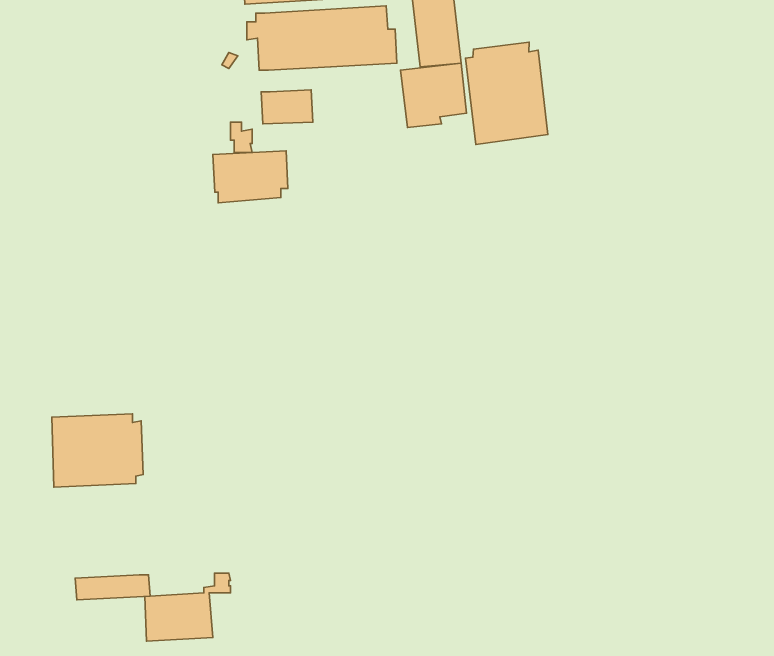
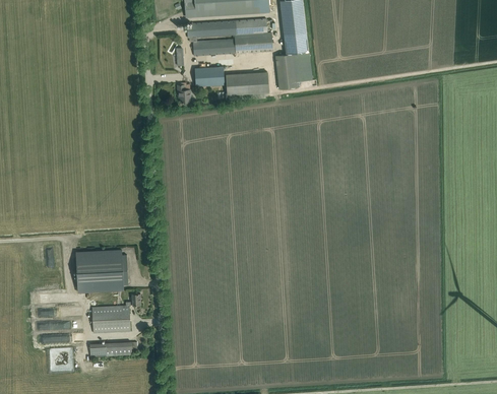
building: [466,42,548,144] -> none
building: [213,151,288,203] -> [226,70,268,100]
building: [145,573,231,641] -> [92,293,141,332]

